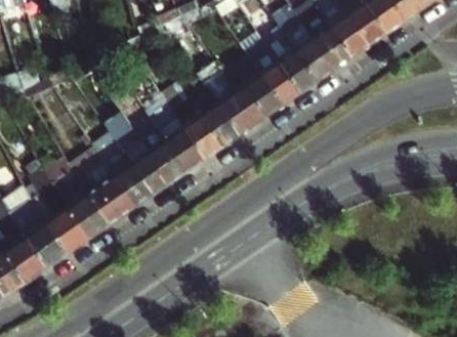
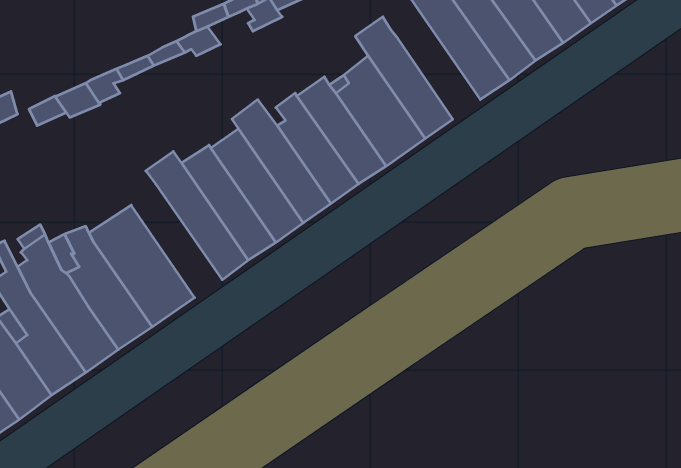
building: [262,24,319,92] -> none
building: [96,133,156,205] -> none

